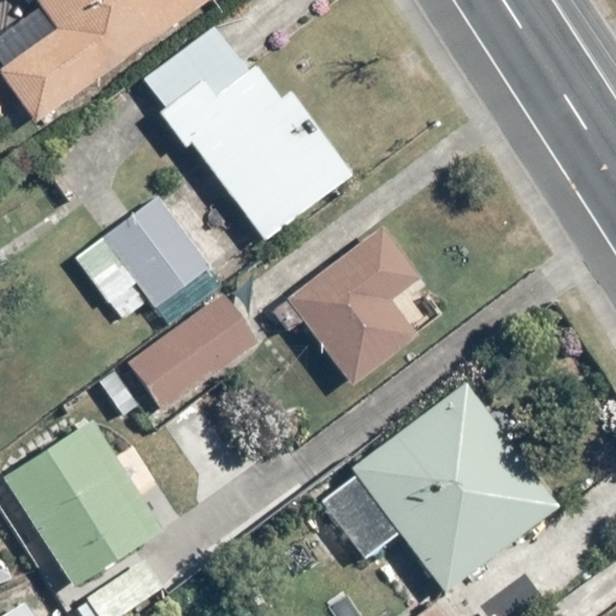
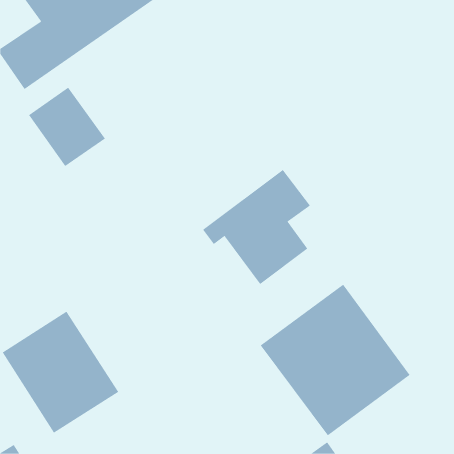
building: [158,66,351,241] -> none
building: [103,199,208,307] -> [28,87,106,167]
building: [129,296,254,408] -> none

